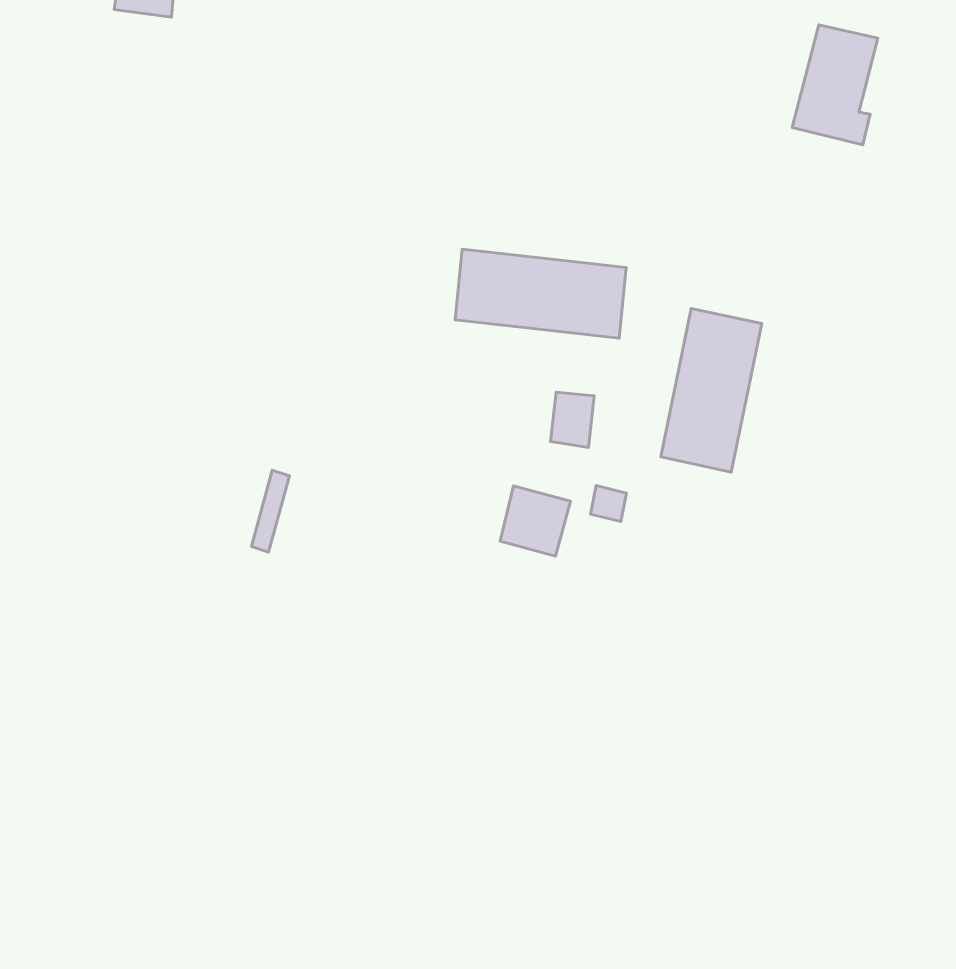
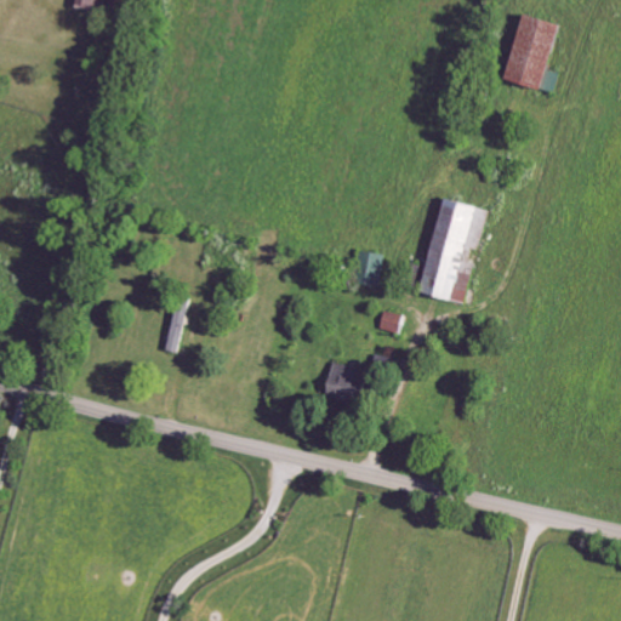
building: [455,249,626,338] -> none
building: [500,486,571,556] -> [321,360,366,405]

